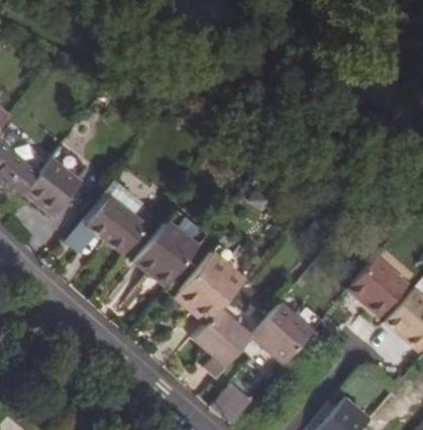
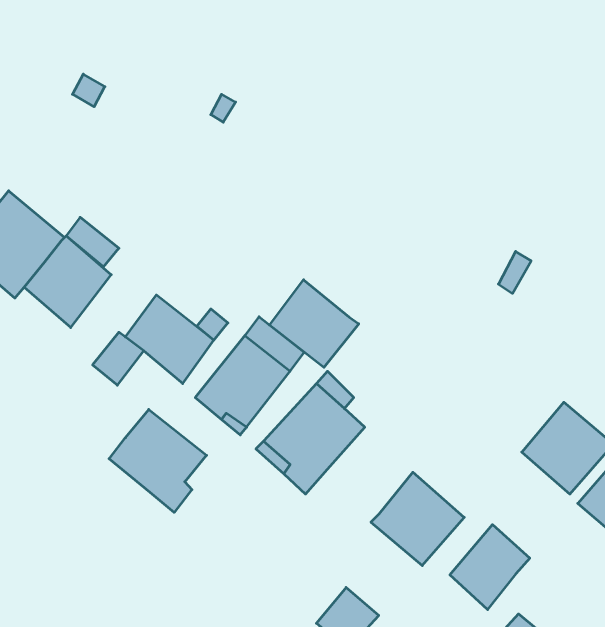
building: none -> [269,280,359,367]
building: none -> [109,409,207,512]
building: [192,307,252,366] -> none
building: none -> [450,525,530,610]

